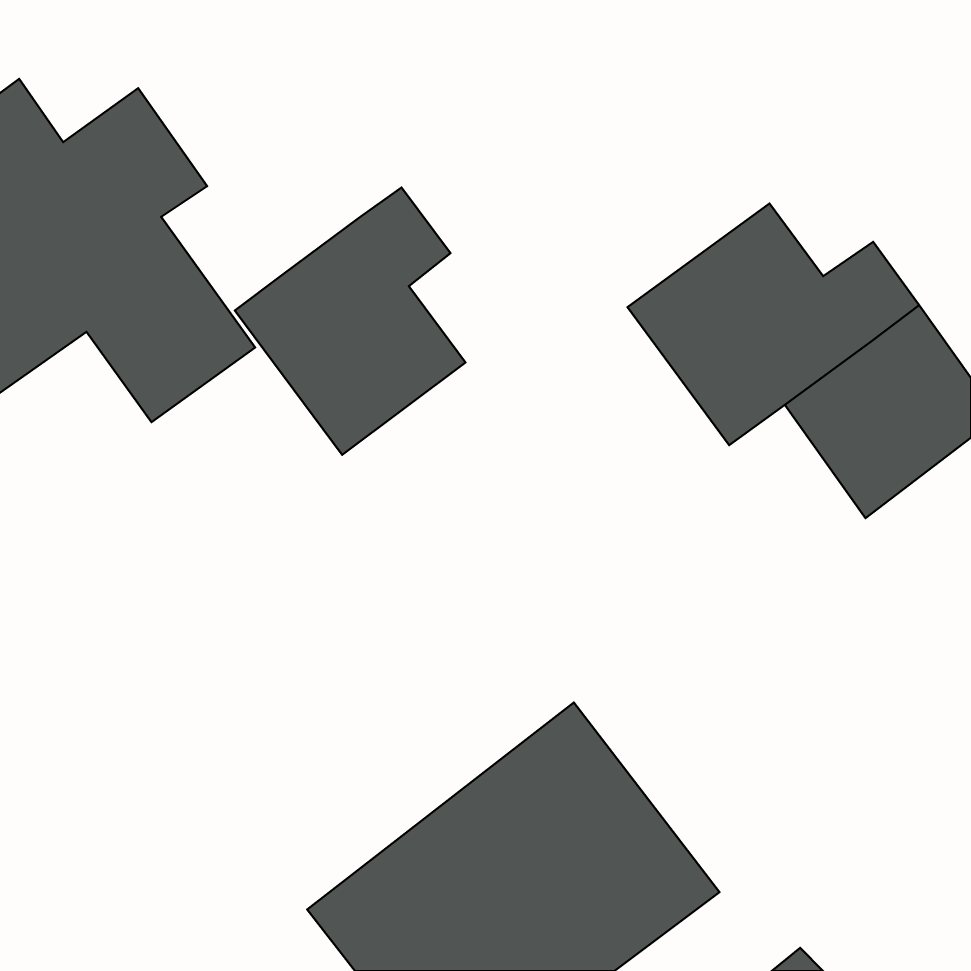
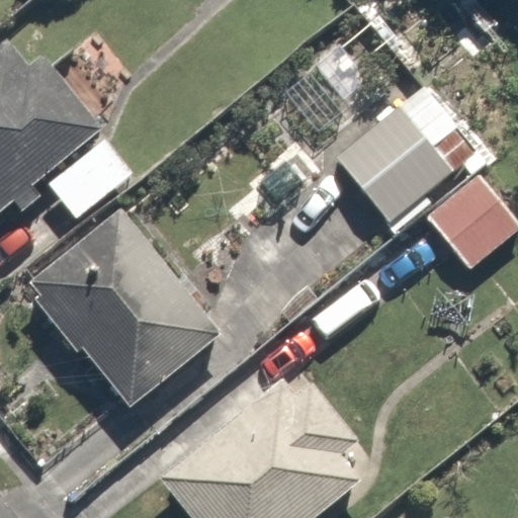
building: [235,187,465,455] -> none
building: none -> [18,207,213,407]

